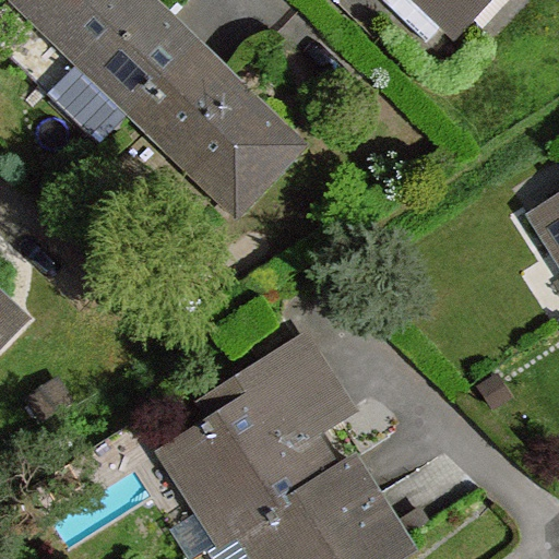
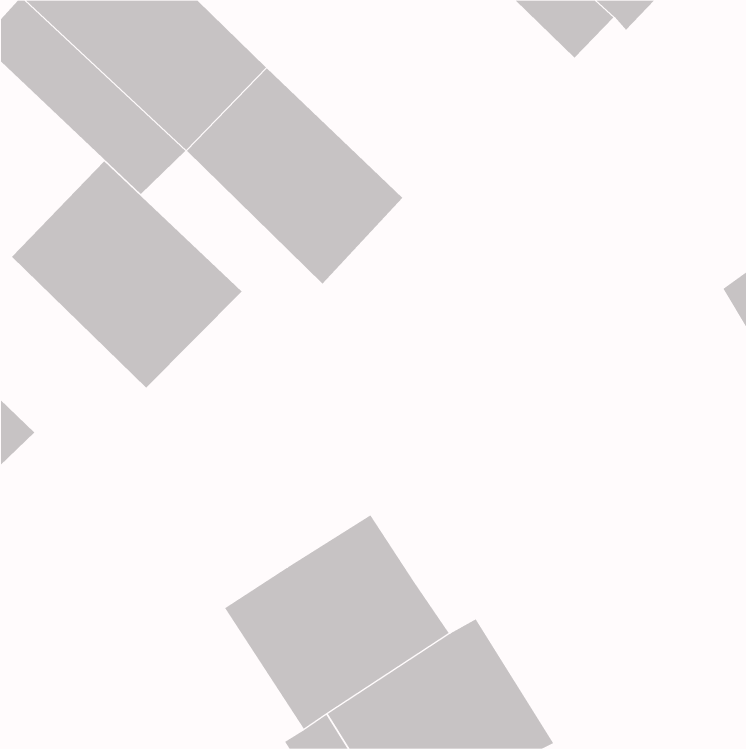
building: none -> [11,160,242,389]
building: [202,329,357,433] -> none

